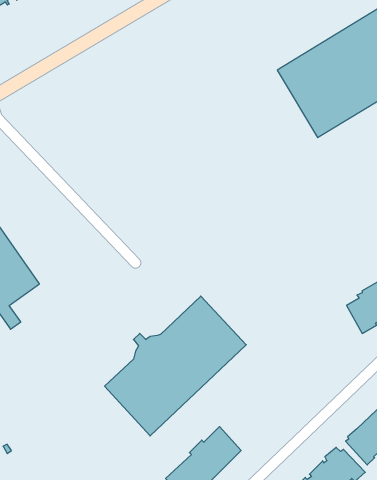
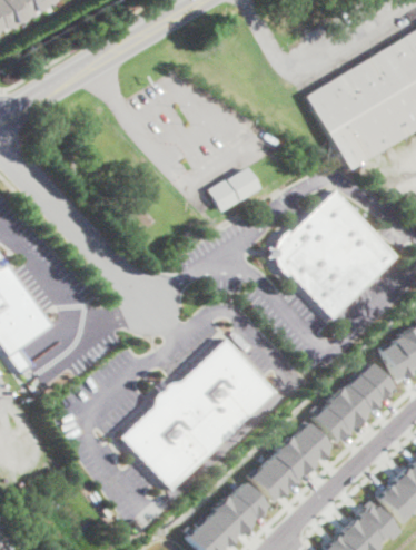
building: none -> [209,168,261,213]
building: none -> [264,193,396,321]
building: none -> [313,363,395,443]
building: none -> [250,422,331,501]

